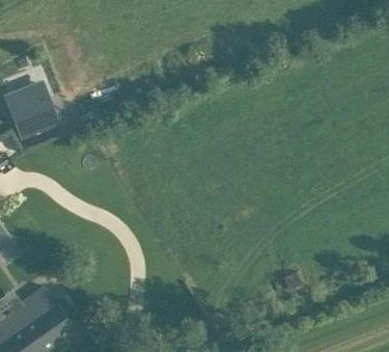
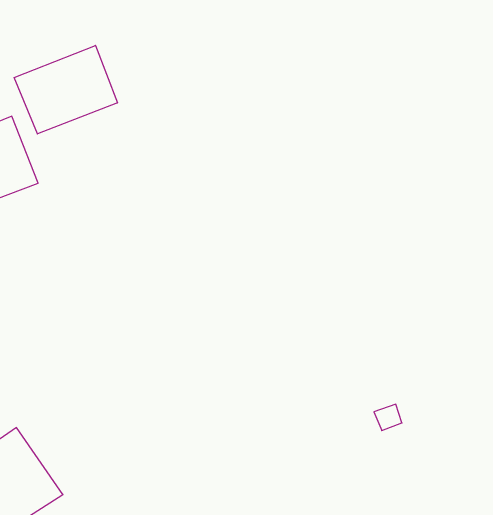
building: none -> [14,45,117,134]

